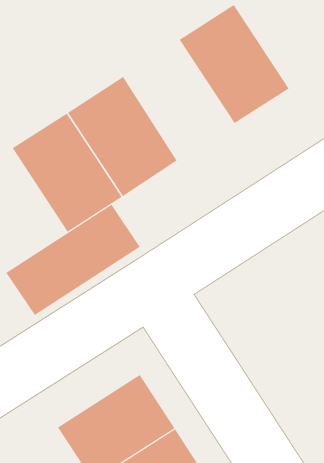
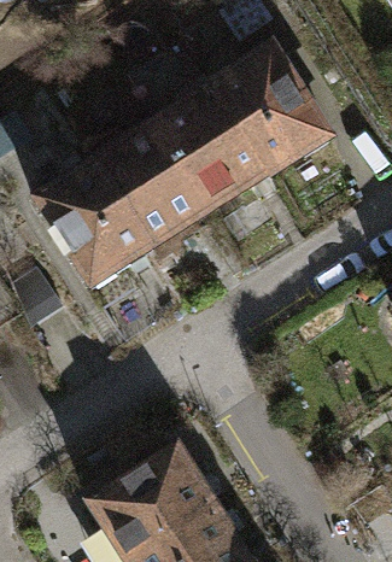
building: none -> [156,78,276,210]
building: [6,204,141,316] -> none

